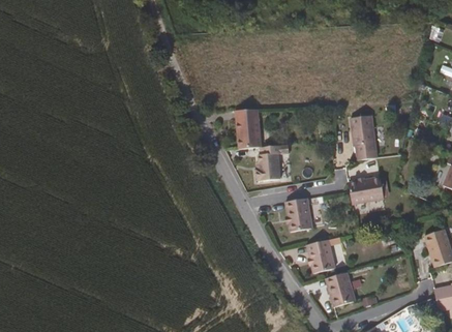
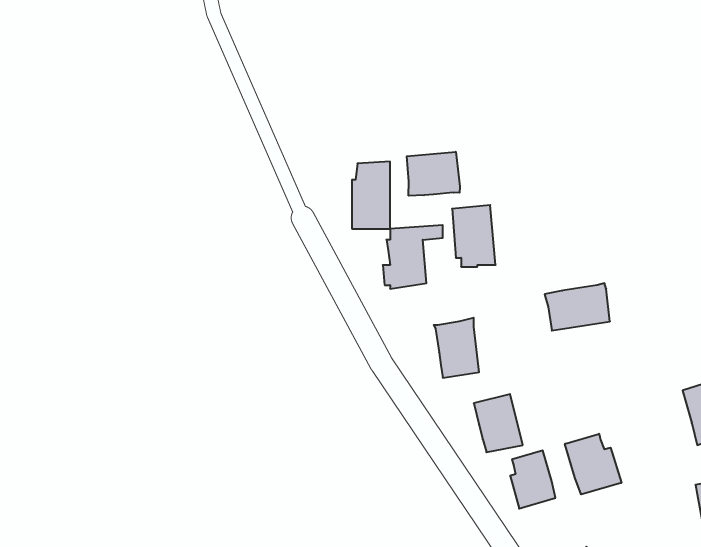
building: none -> [407,152,460,196]
building: [352,116,376,151] -> [452,205,496,267]
building: none -> [565,434,621,494]

